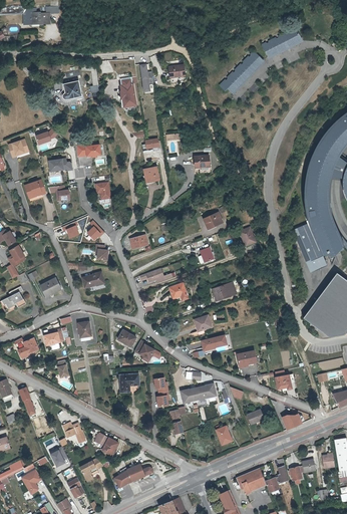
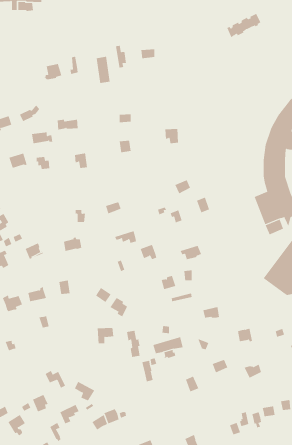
building: [219,51,263,91] -> none
building: [237,468,265,493] -> none

